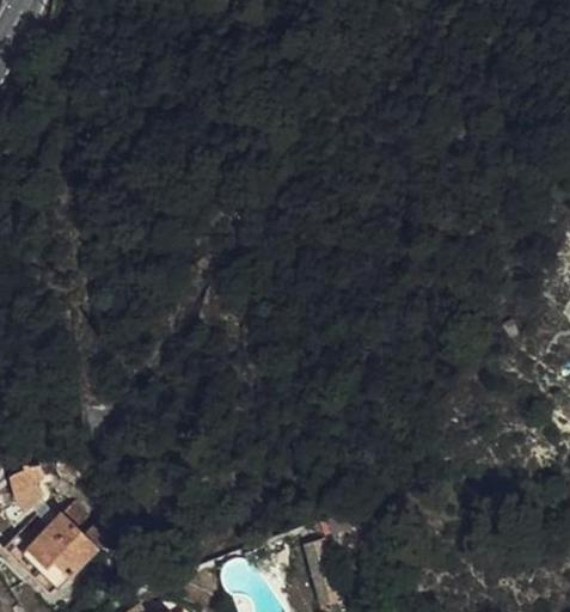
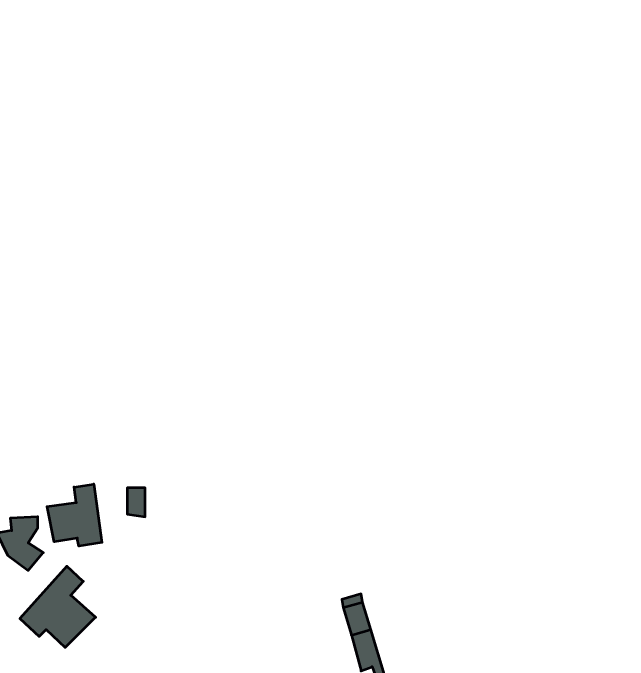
building: none -> [47,484,102,546]

